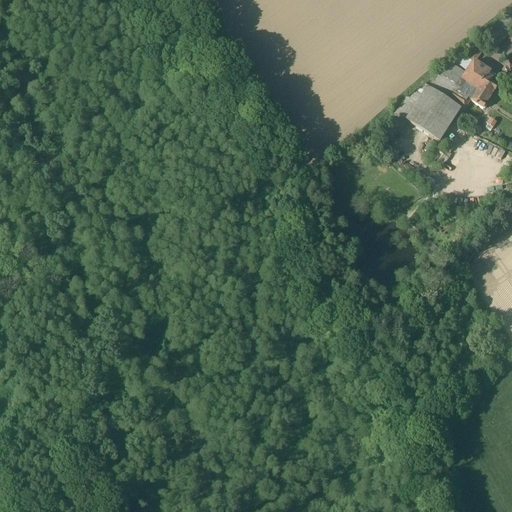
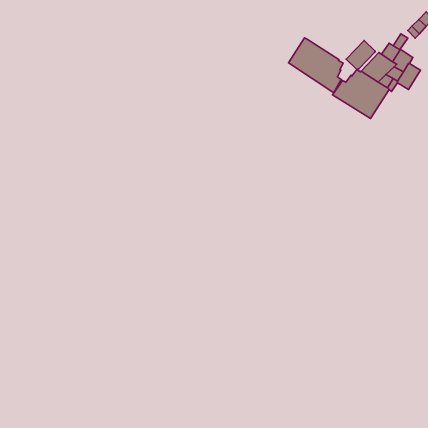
building: none -> [288,38,343,93]
building: none -> [346,40,375,69]

